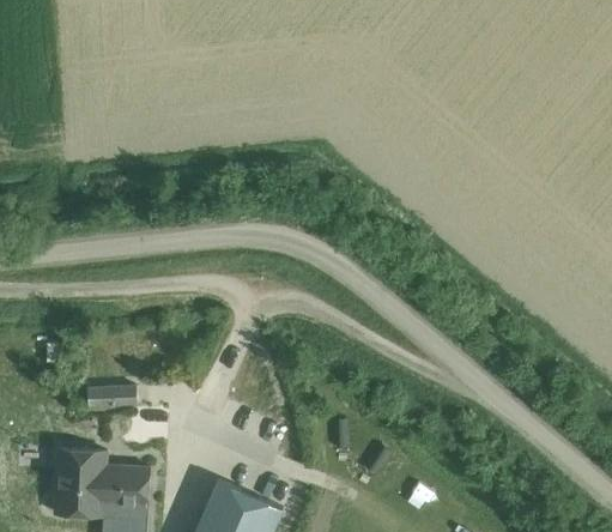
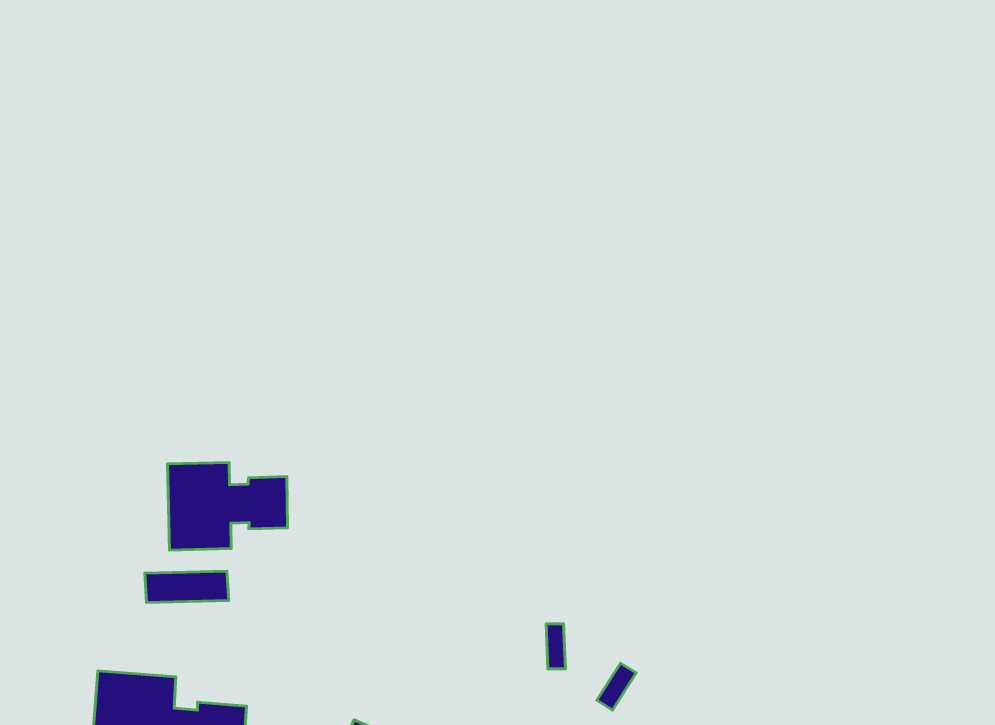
building: none -> [168,462,287,550]

